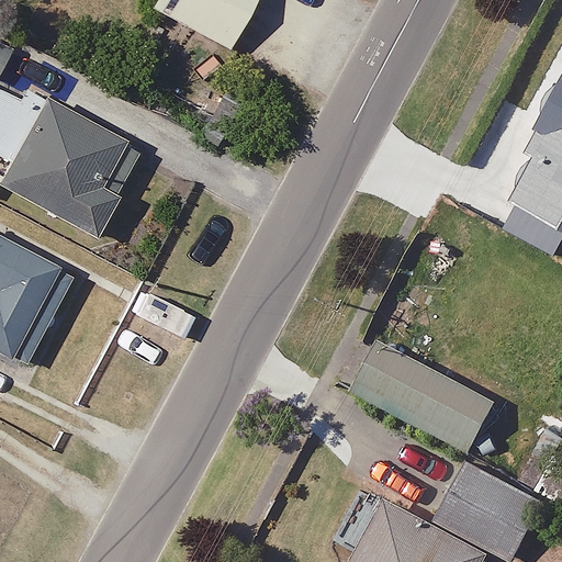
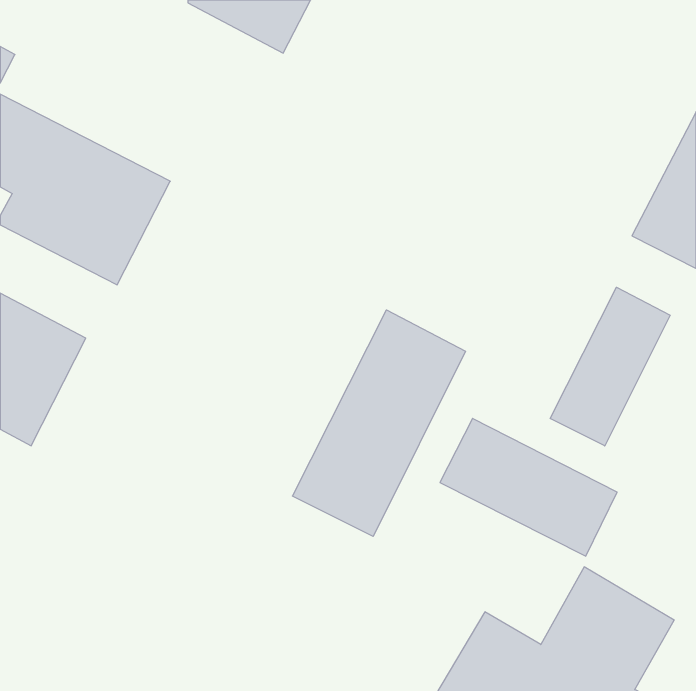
building: none -> [550,287,670,446]
building: none -> [292,310,466,536]

